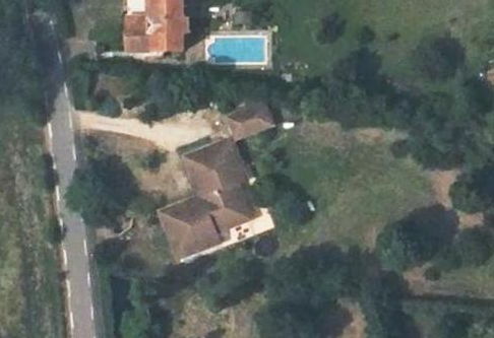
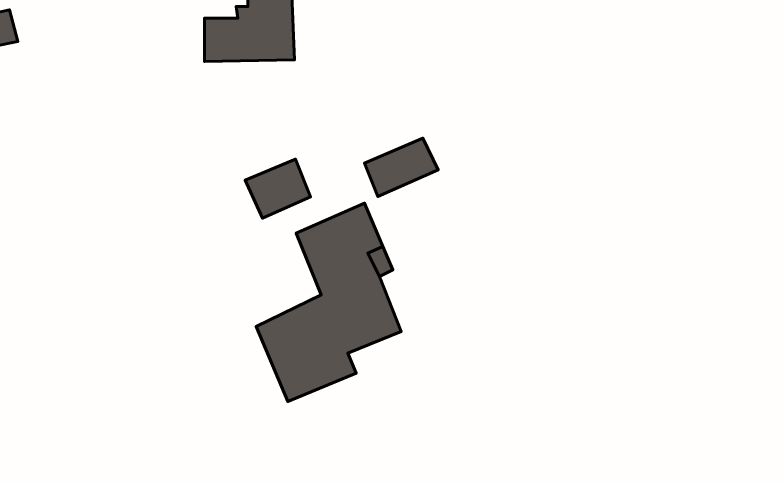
building: none -> [245,159,311,218]

